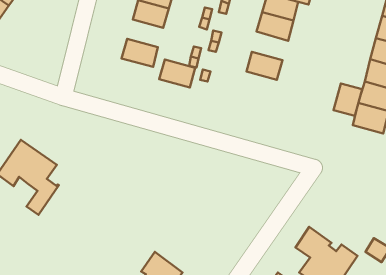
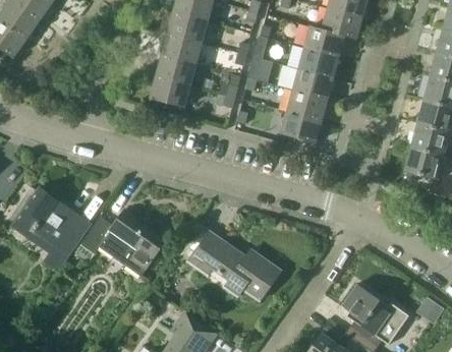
building: none -> [292,68,332,100]
building: [159,60,195,87] -> [155,55,194,85]
building: none -> [280,112,320,142]
building: [334,83,362,116] -> none
building: none -> [79,208,166,276]
building: none -> [187,232,280,300]

